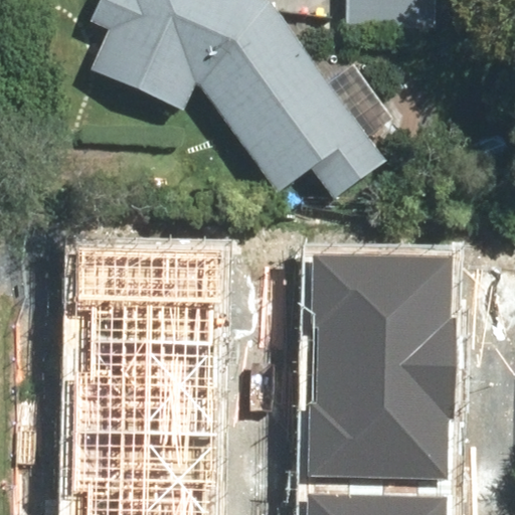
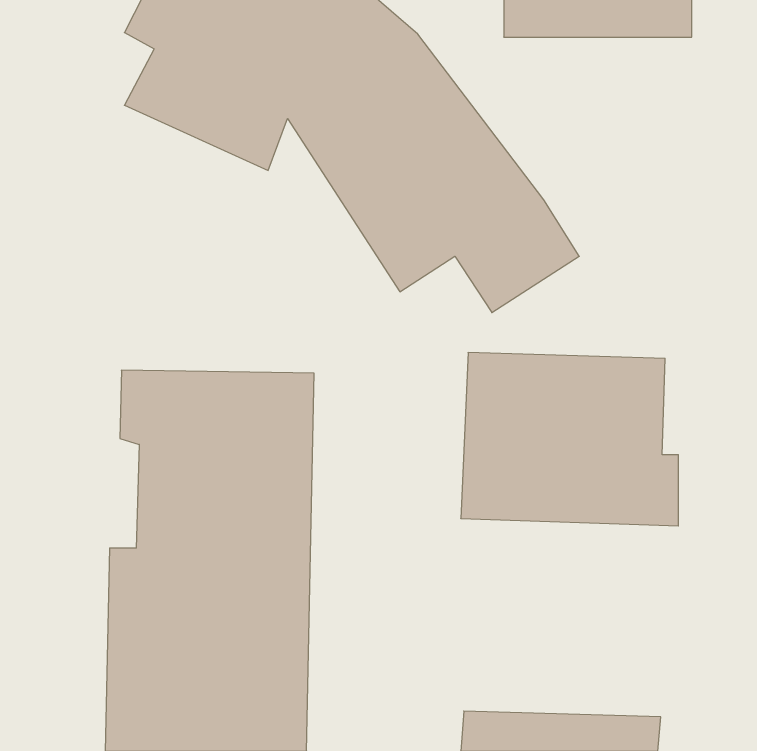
building: [309,352,461,472] -> none

